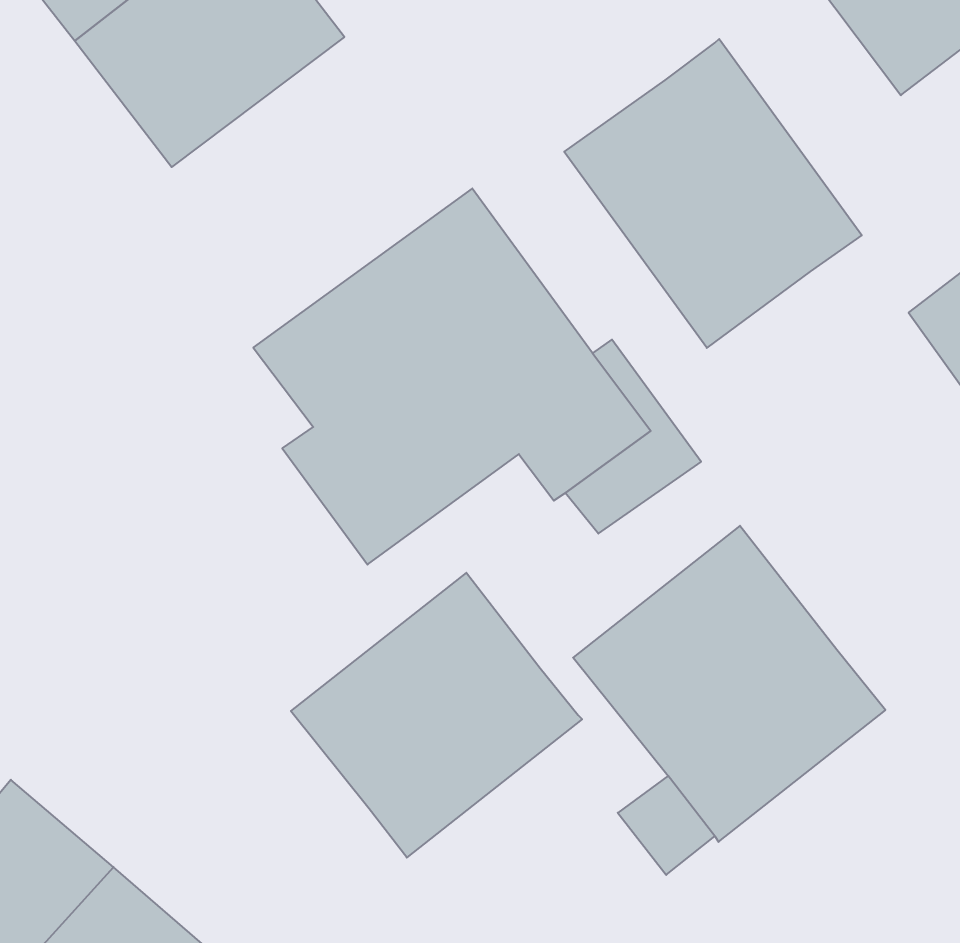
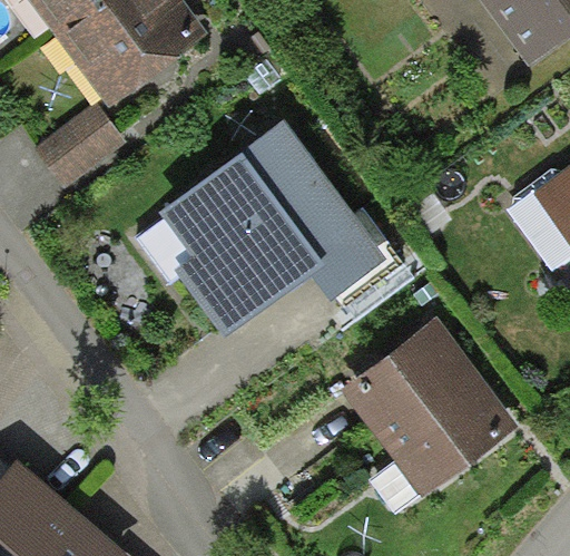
building: [564,39,862,348] -> none
building: none -> [33,101,126,188]
building: [291,573,582,858] -> none

